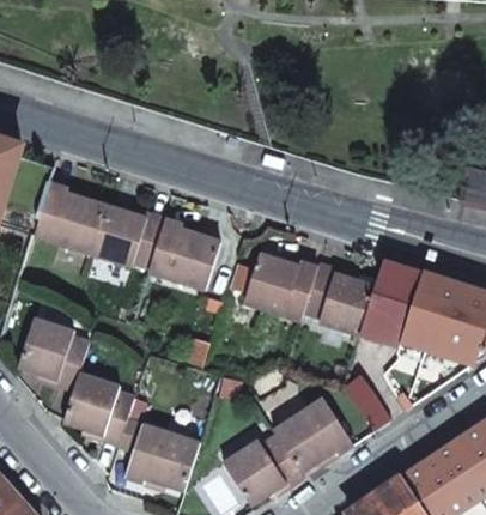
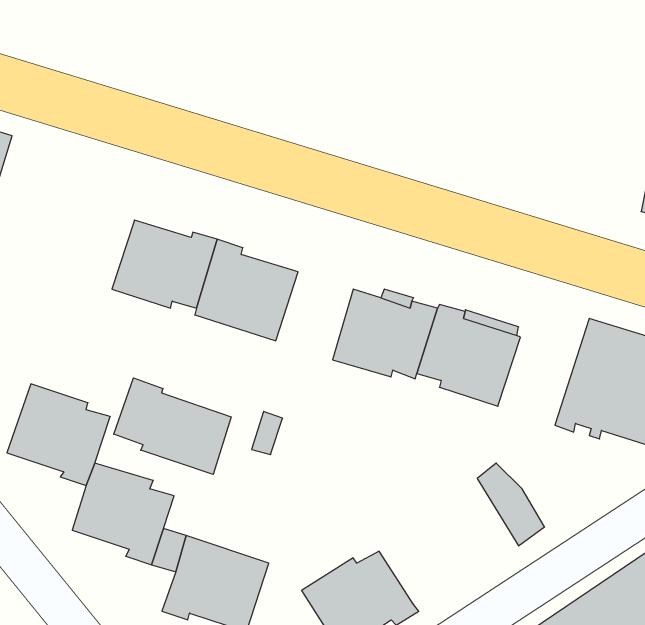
building: [32,181,105,252] -> none
building: [358,259,421,346] -> none
building: none -> [114,378,231,474]
building: [273,396,352,471] -> none

